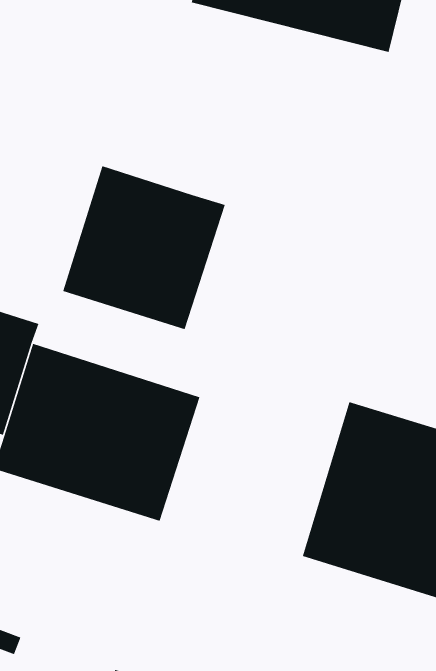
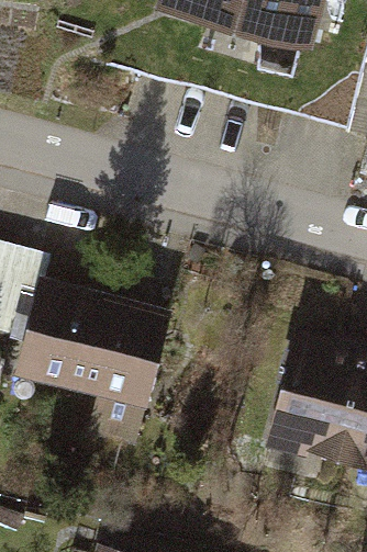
building: [62,165,226,330] -> none

